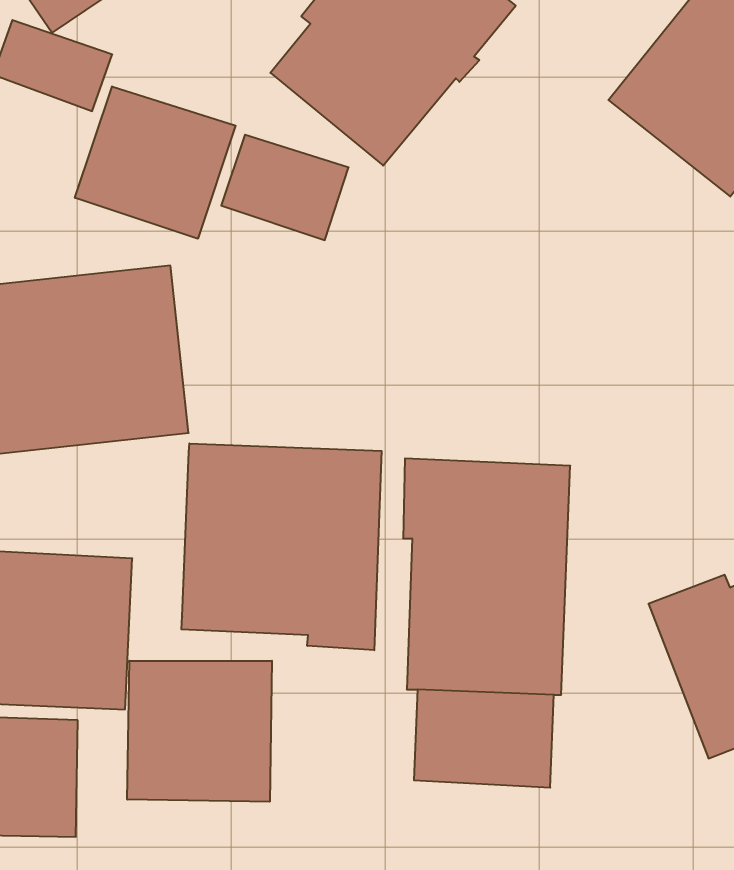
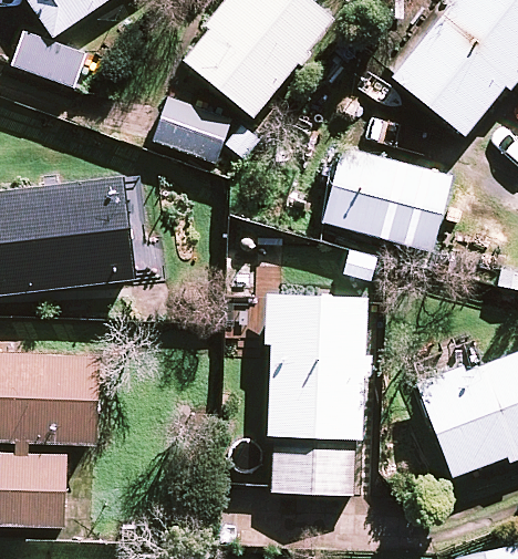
building: [75,86,236,239] -> none
building: none -> [322,147,450,250]
building: [181,443,382,650] -> none
building: [127,661,272,802] -> none

